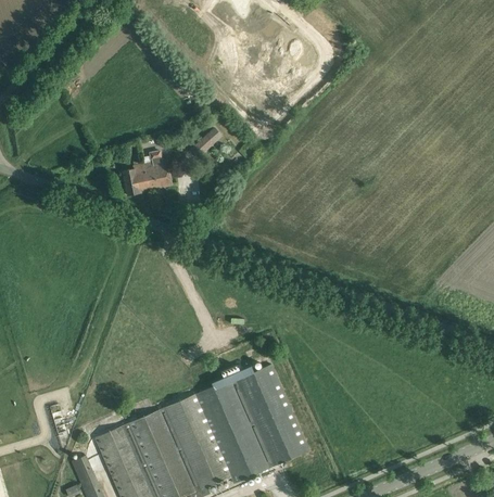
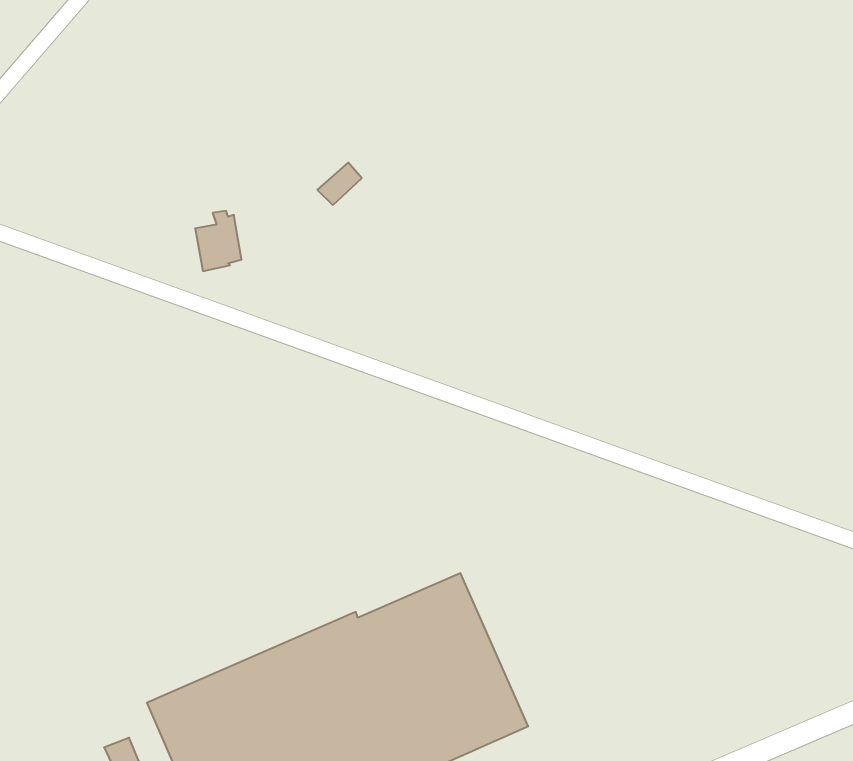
building: [143,150,170,189] -> none

